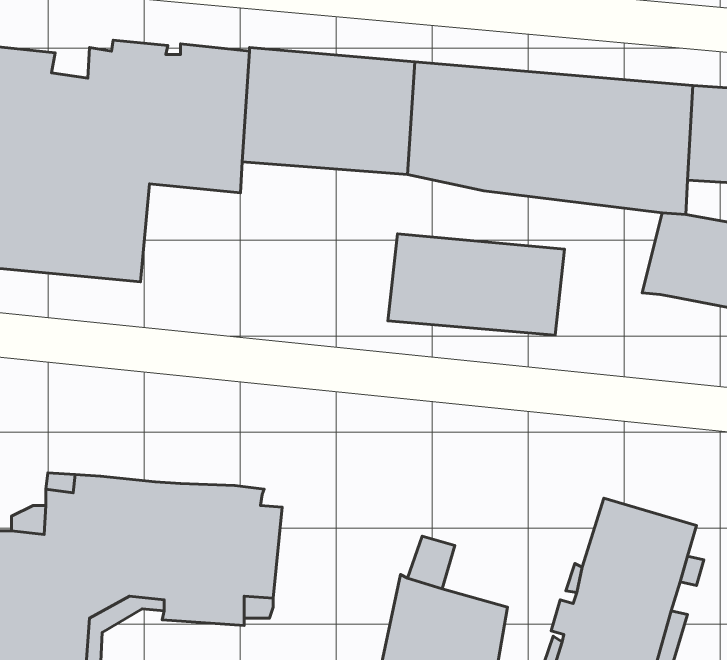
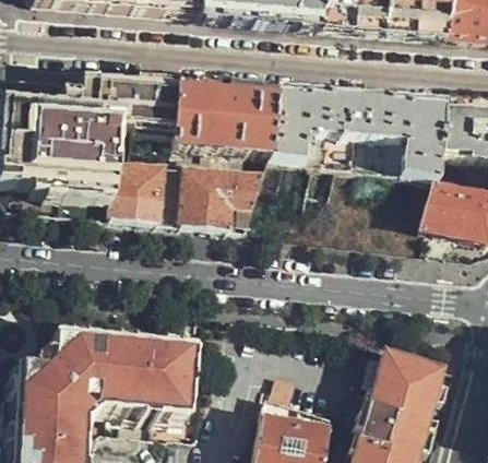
building: none -> [112,158,265,227]
building: [388,234,565,335] -> none

